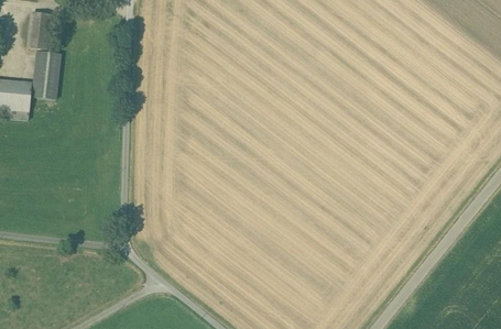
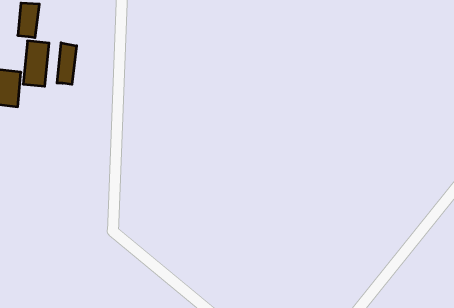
building: none -> [57,43,77,84]

